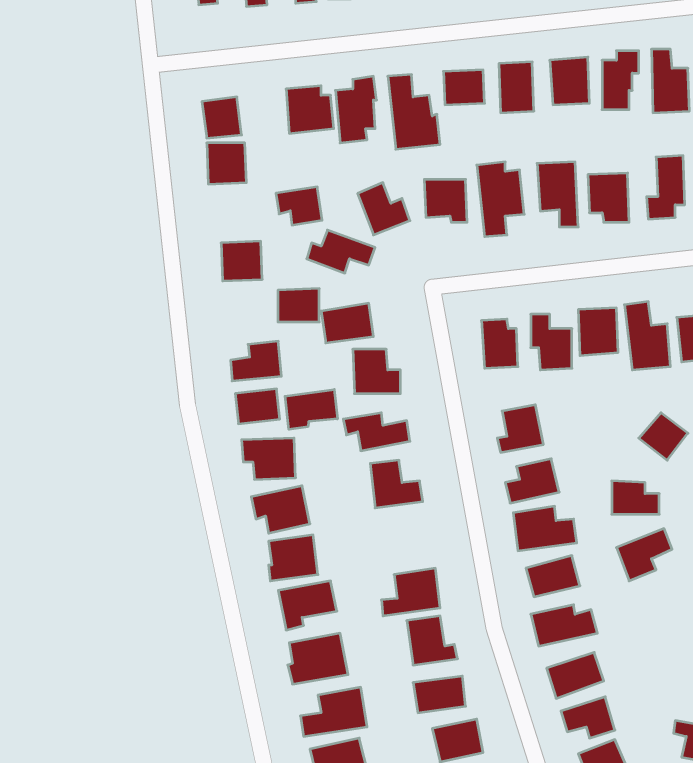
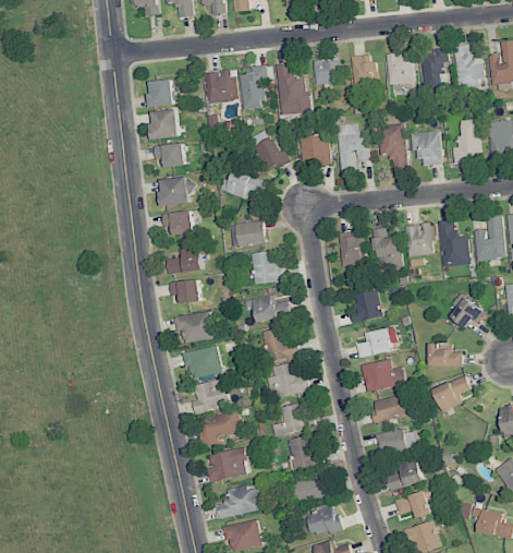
building: [276,187,322,225] -> [154,142,185,168]
building: [278,289,319,322] -> [163,212,192,235]
building: [285,389,337,429] -> none
building: none -> [270,363,307,397]

